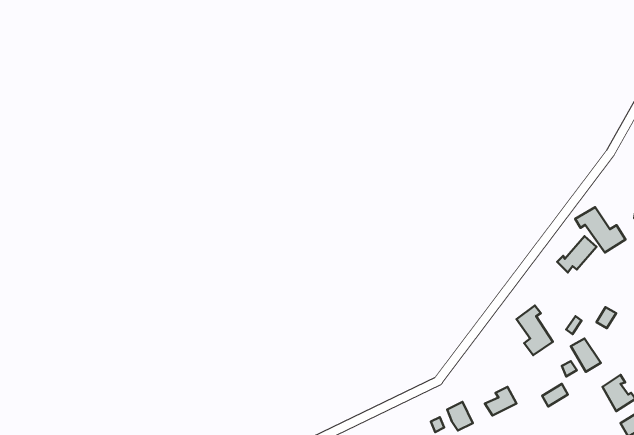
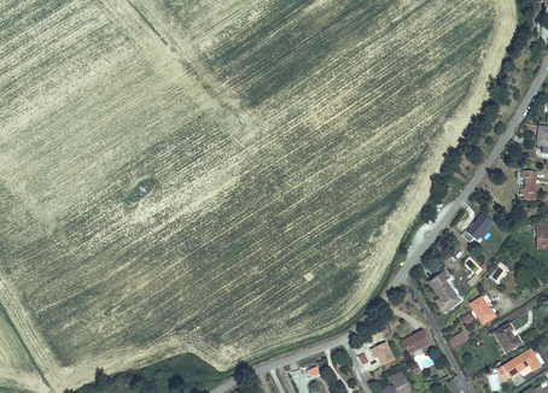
building: [575,207,625,252] -> none

